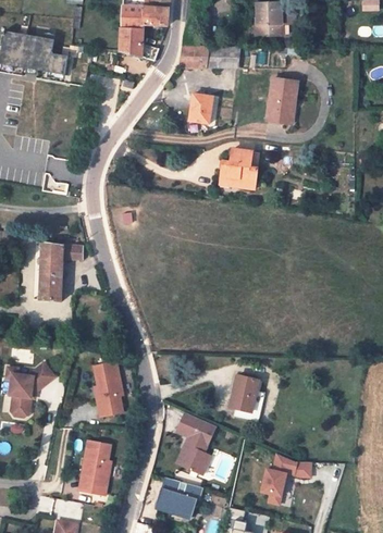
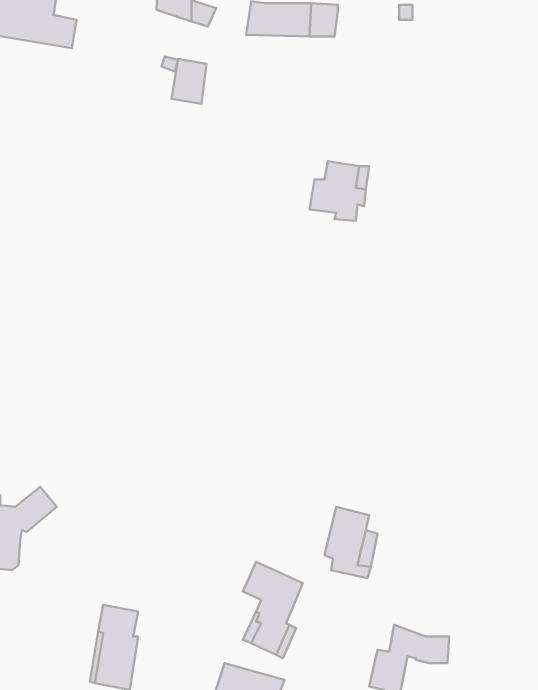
building: [265,78,297,123] -> none
building: [188,94,211,123] -> [172,59,206,104]
building: [39,244,83,301] -> none
building: [90,360,120,416] -> none

